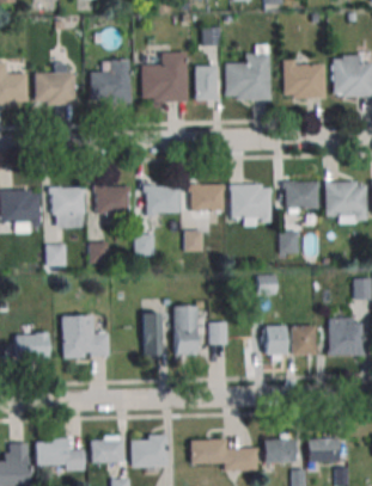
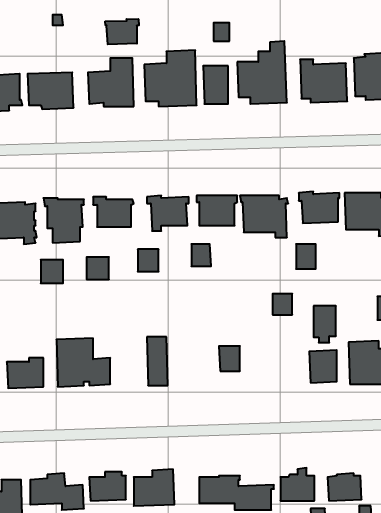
building: none -> [105,19,139,44]
building: [176,306,199,358] -> none
building: [267,326,287,359] -> [314,306,336,343]

